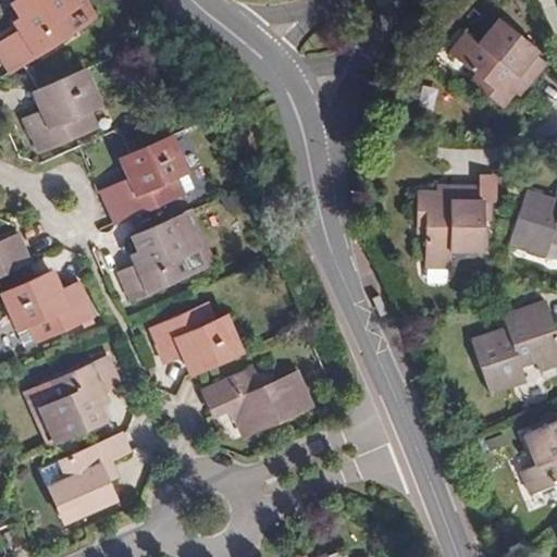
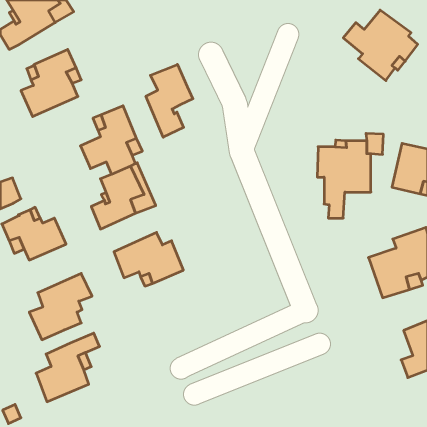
building: none -> [146,64,193,137]
building: [196,373,304,436] -> none
building: [24,382,57,447] -> none

